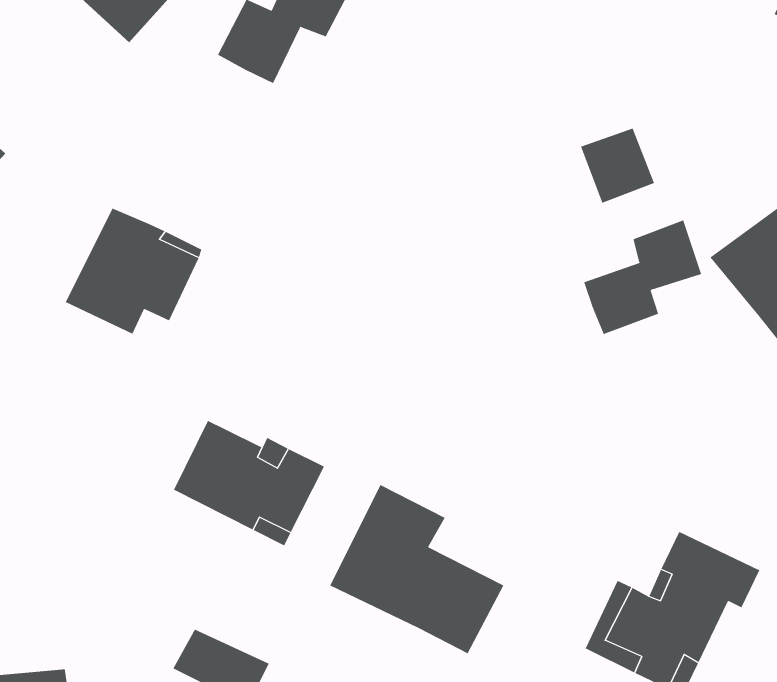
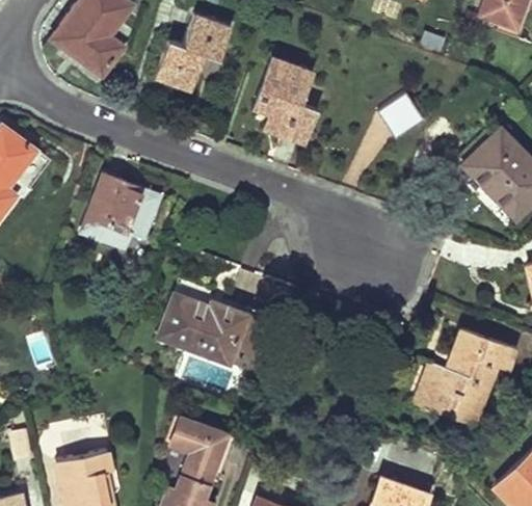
building: none -> [255,58,315,141]
building: [583,220,702,335] -> none
building: [329,484,504,654] -> none

